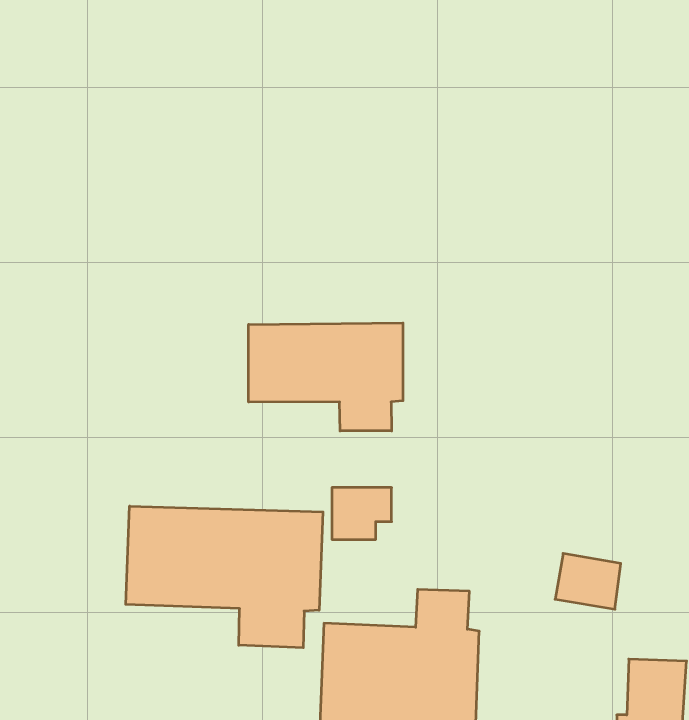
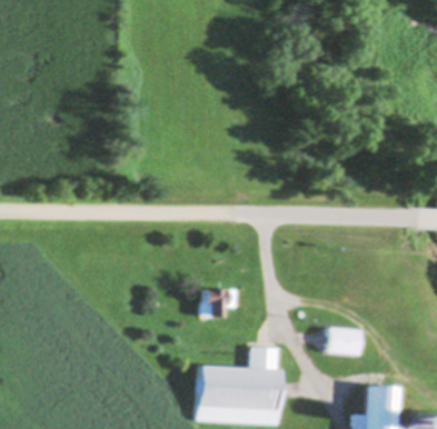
building: [249,323,403,431] -> none
building: [126,506,323,648] -> none

